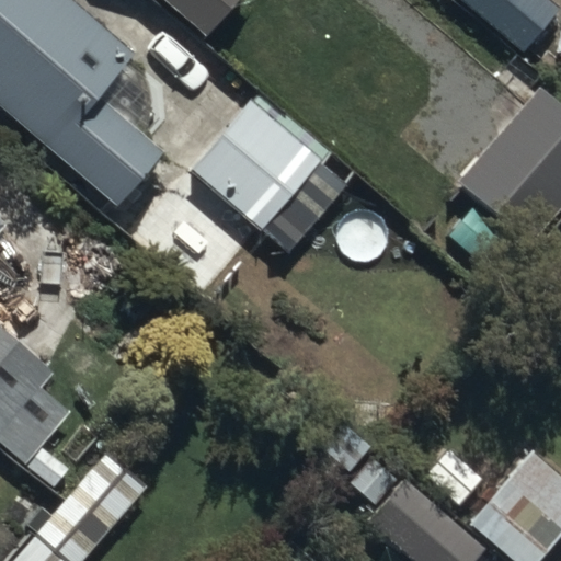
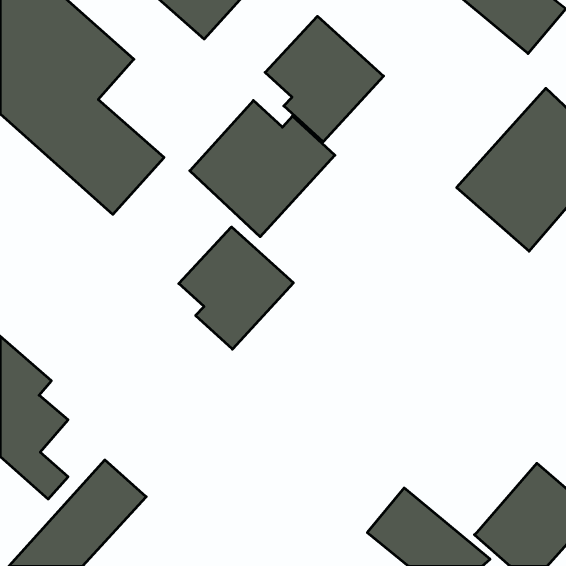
building: none -> [265,16,384,142]
building: none -> [179,227,293,349]

